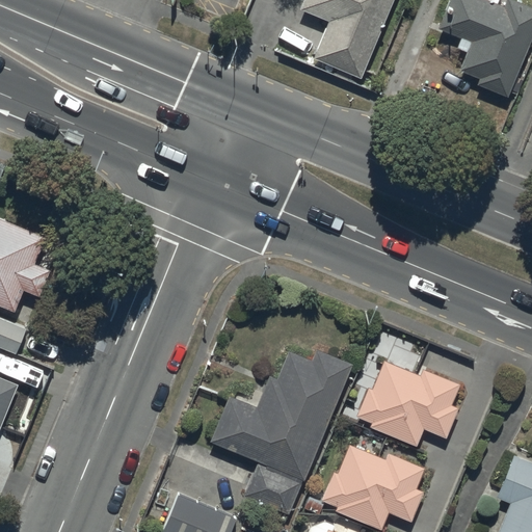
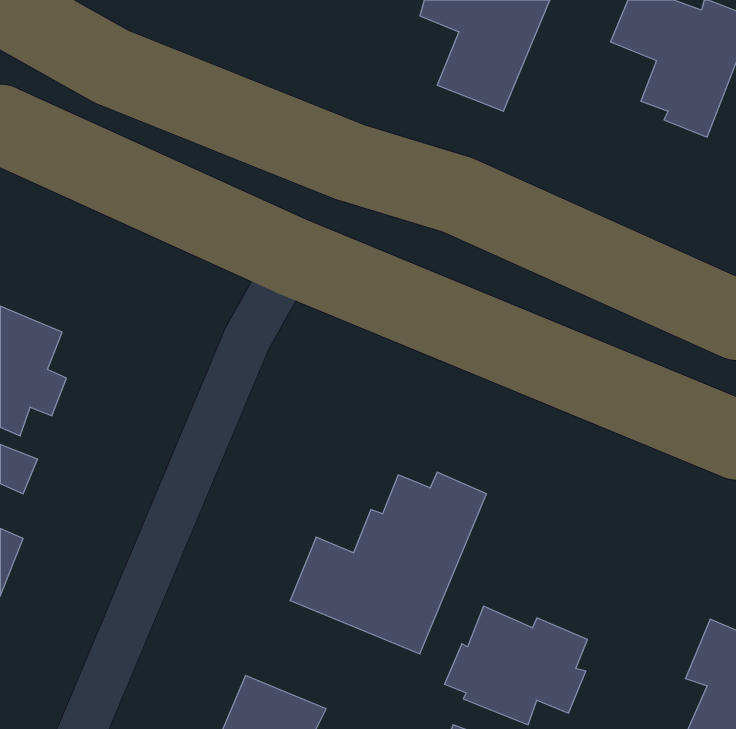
building: [356,358,459,444] -> none
building: [243,461,301,512] -> none

